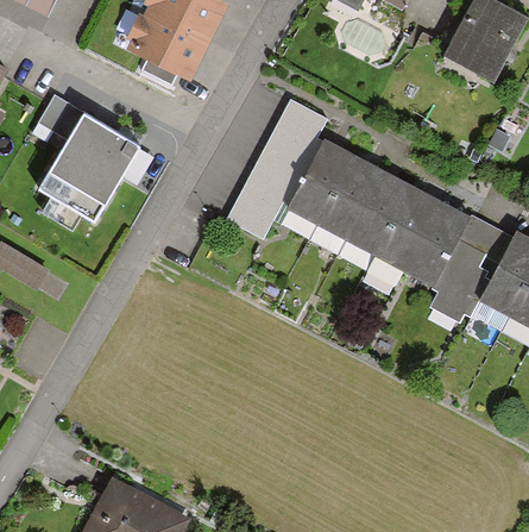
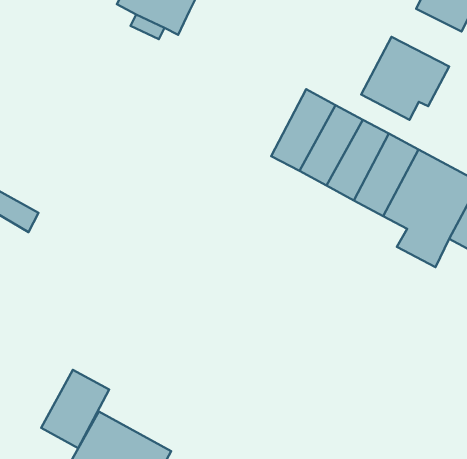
building: none -> [361,37,449,120]
building: [40,98,141,231] -> none
building: [228,101,326,238] -> none
building: none -> [41,370,109,448]

